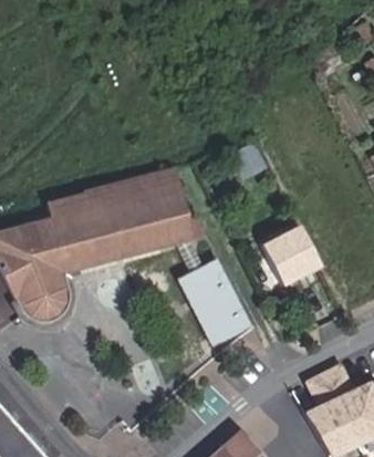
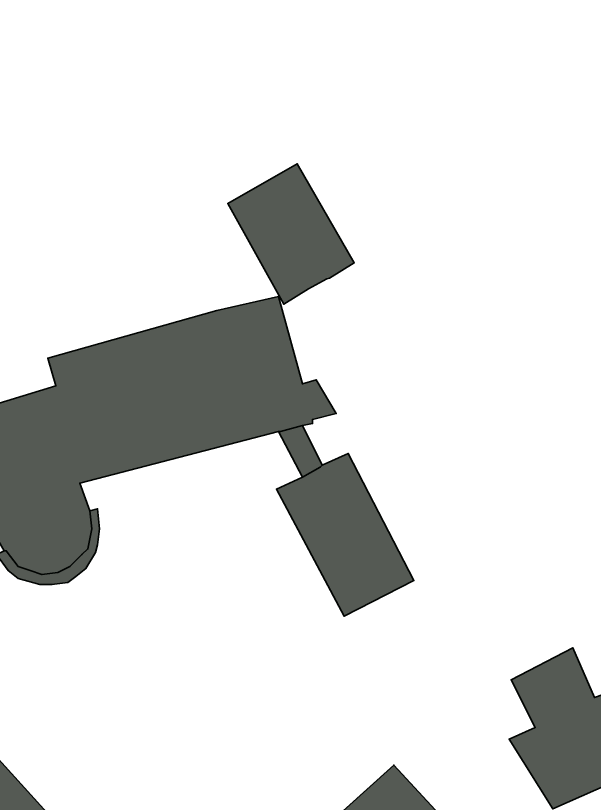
building: none -> [228,164,354,304]
building: [251,225,320,294] -> none

